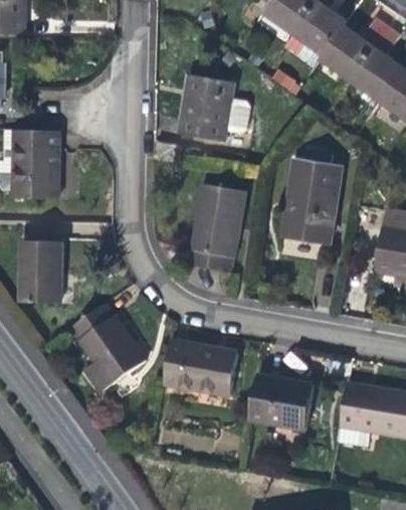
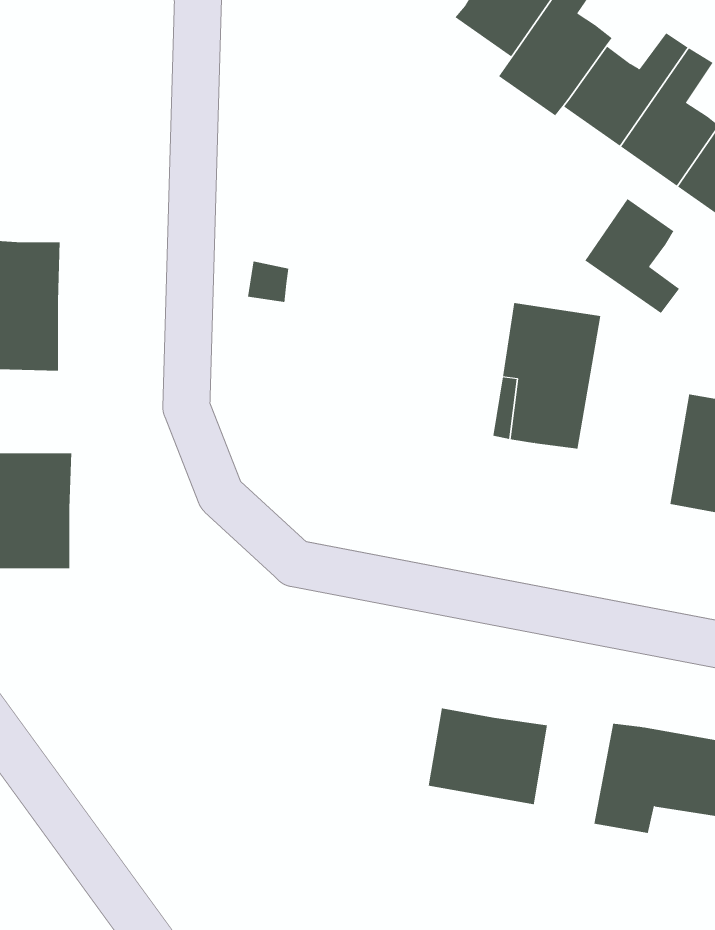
building: [180,74,249,141] -> none
building: none -> [584,198,680,314]
building: [188,184,245,272] -> none
building: [69,304,144,393] -> none
building: [164,343,236,392] -> none

